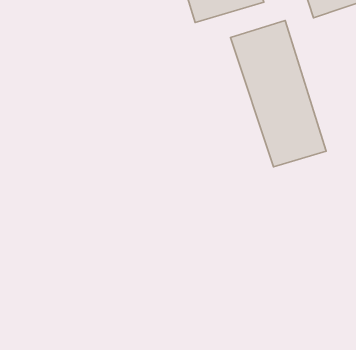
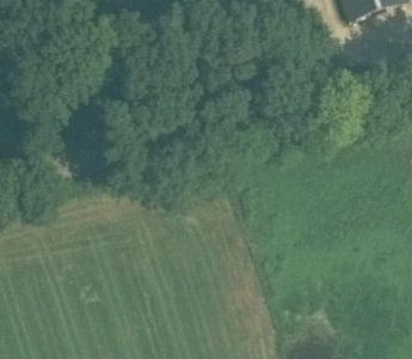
building: [231,21,326,167] -> none

